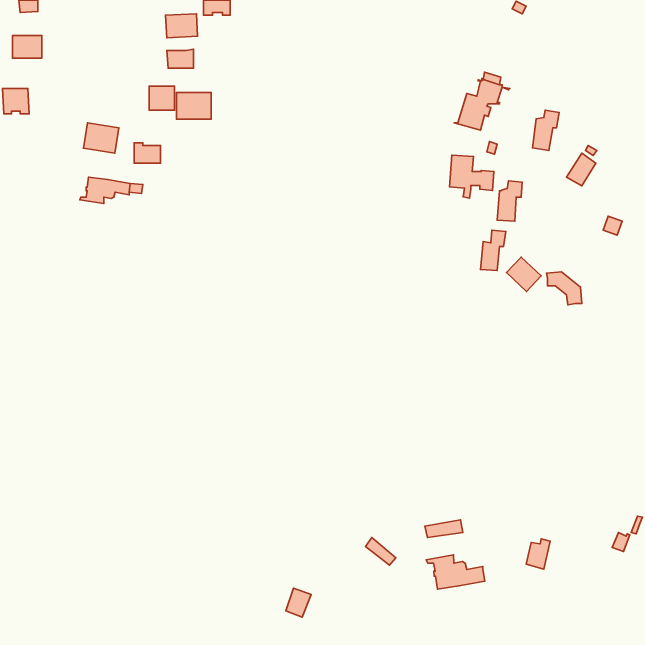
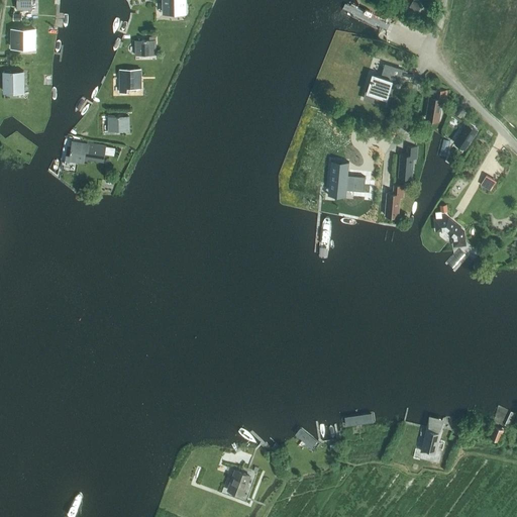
building: [166,14,198,38] -> none
building: [176,92,211,119] -> none
building: [84,123,119,153] -> none
building: [449,155,494,198] -> [328,164,364,198]
building: [506,257,541,291] -> none
building: [426,555,485,589] -> none

